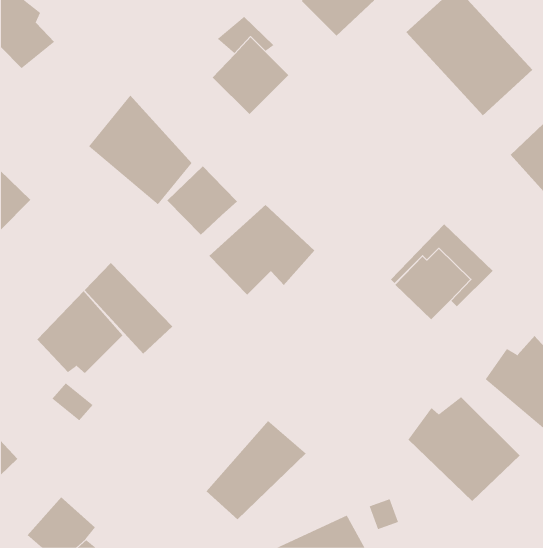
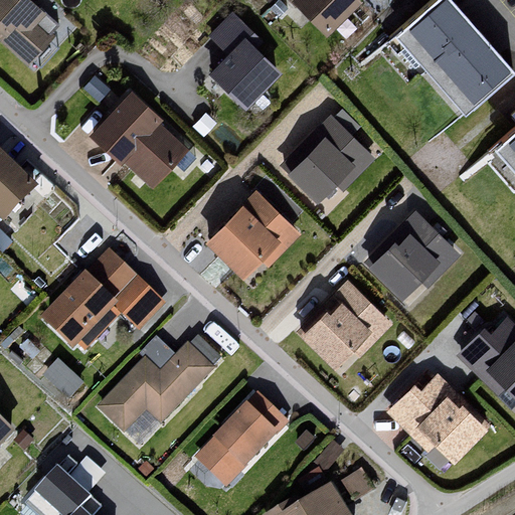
building: none -> [285,112,381,204]
building: [167,165,238,236] -> none
building: none -> [298,279,392,366]
building: none -> [98,343,213,434]

